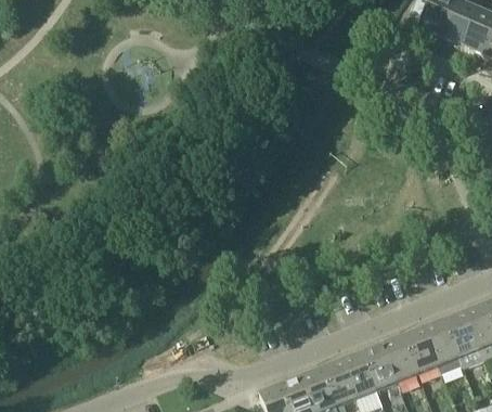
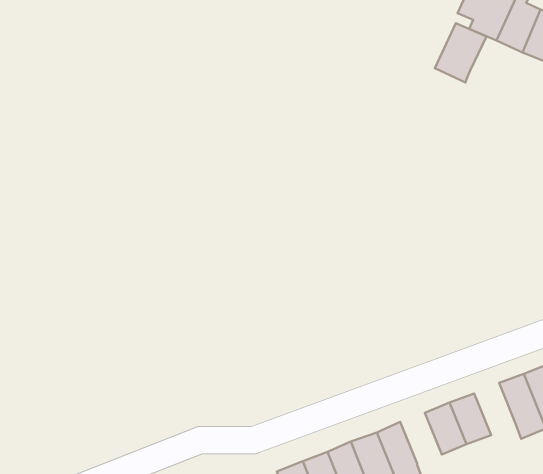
building: none -> [435,23,486,82]
building: [426,320,464,372] -> none
building: [364,345,399,387] -> none

